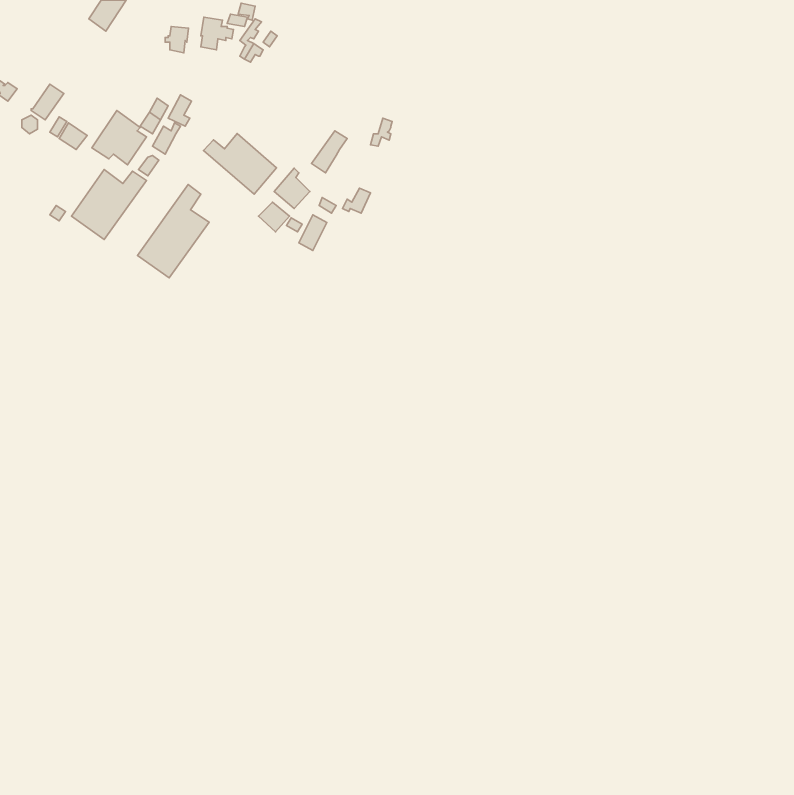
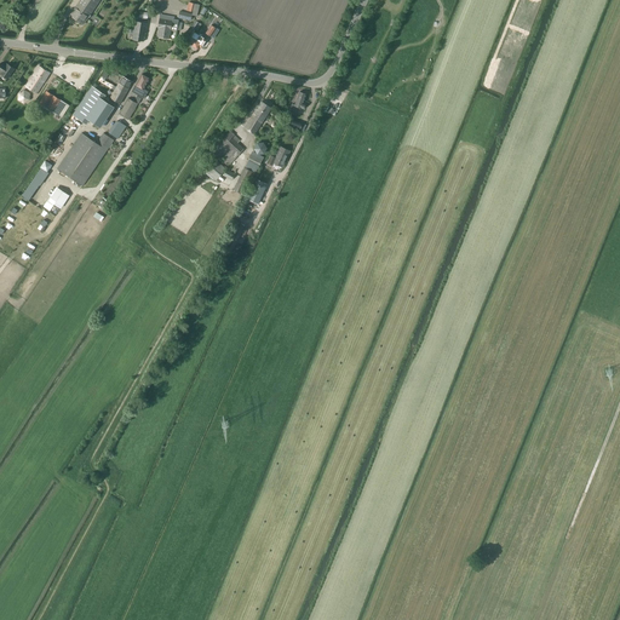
building: [204,133,277,194] -> none
building: [138,184,209,278] -> none

